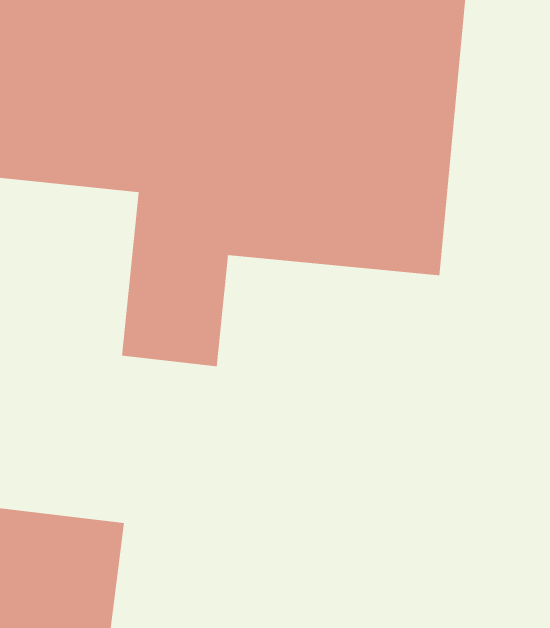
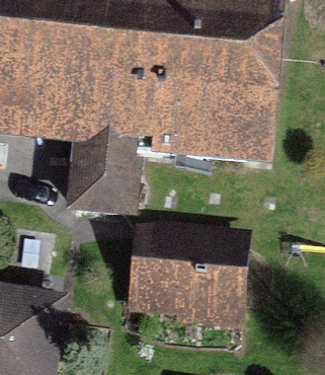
building: none -> [130,235,249,310]

